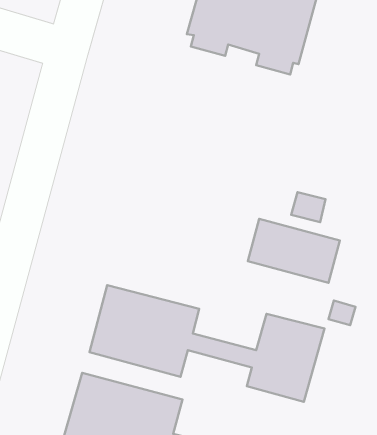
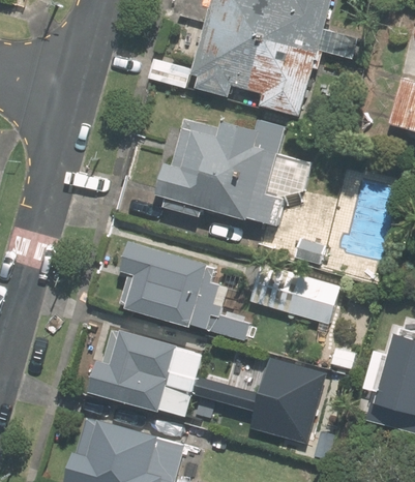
building: none -> [152,115,310,230]
building: none -> [119,242,251,337]

